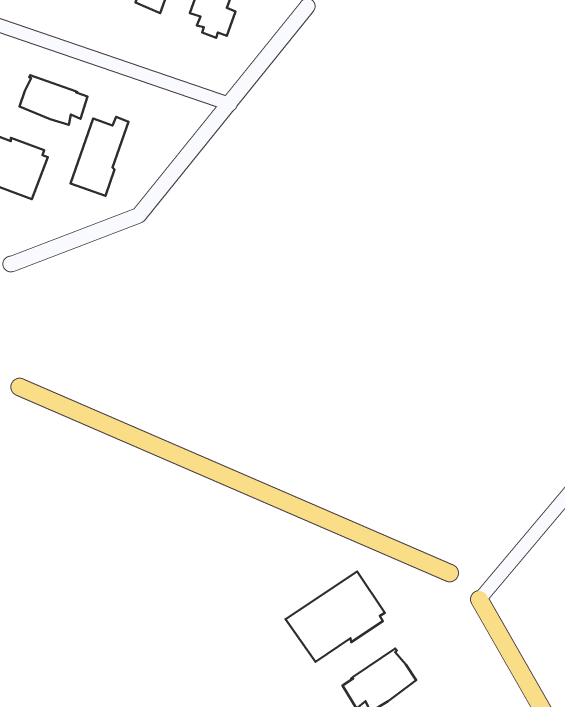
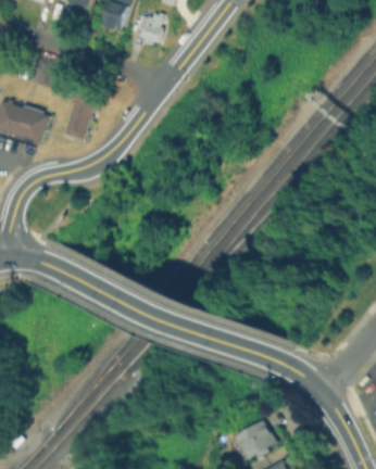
building: [19,75,87,125] -> none
building: [286,571,385,662] -> none

